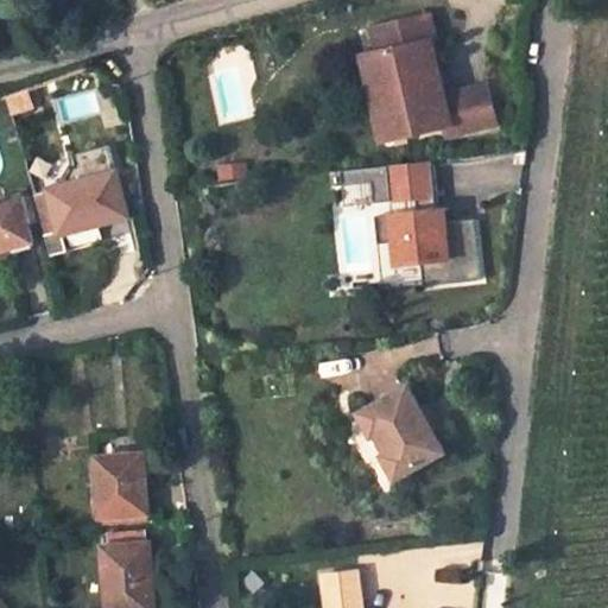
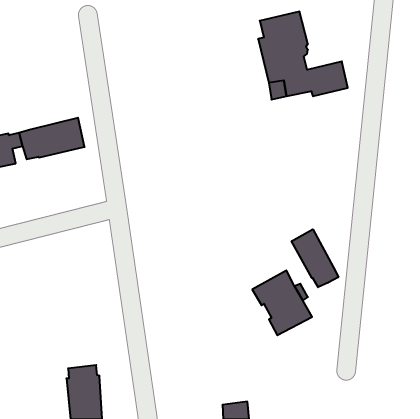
building: [342,165,483,290] -> none
building: none -> [292,229,338,287]
building: [89,450,138,520] -> none

